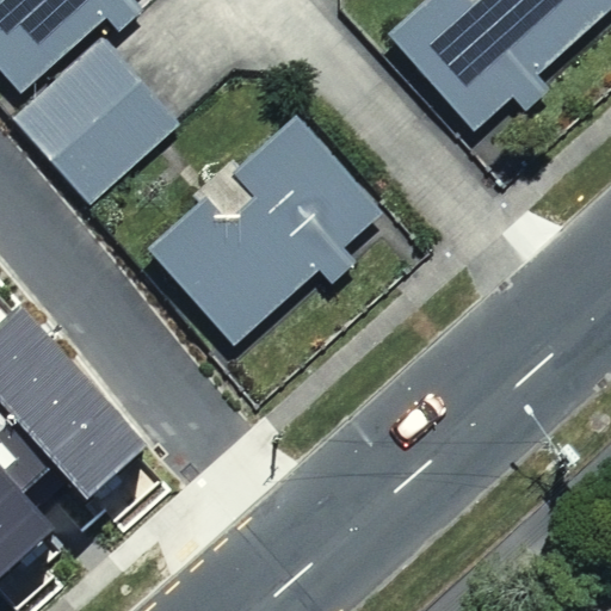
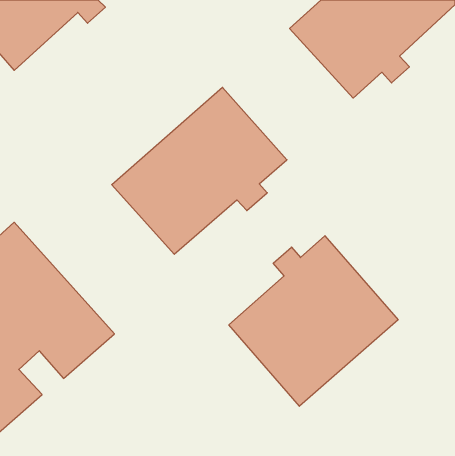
building: [10,35,180,205] -> none
building: none -> [229,236,398,406]

